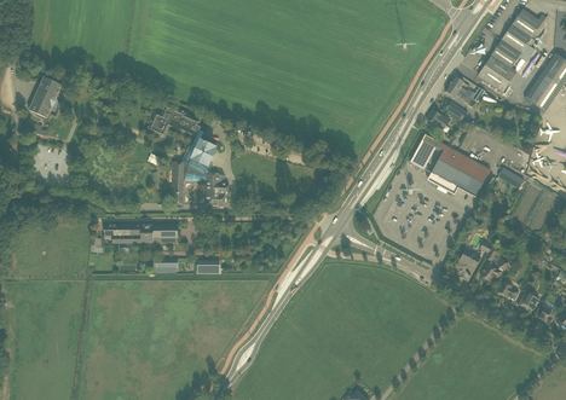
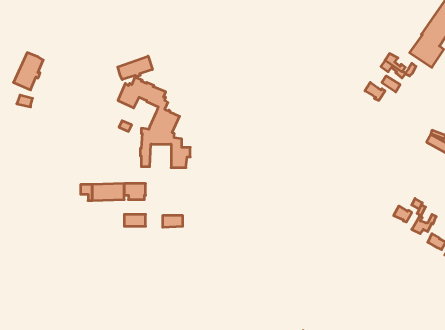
building: none -> [118,56,152,80]
building: [410,134,490,197] -> none

